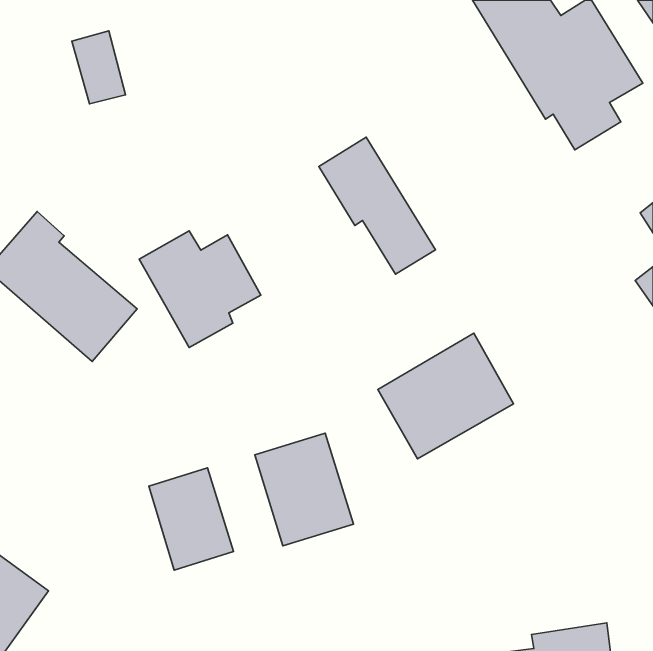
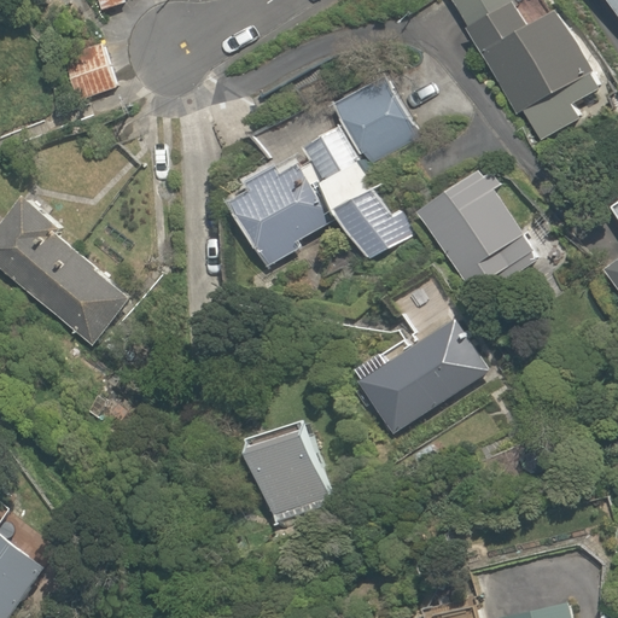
building: none -> [336,77,421,170]
building: none -> [415,168,531,293]
building: [139,231,261,348] -> [218,161,333,270]
building: [149,468,233,570] -> none

